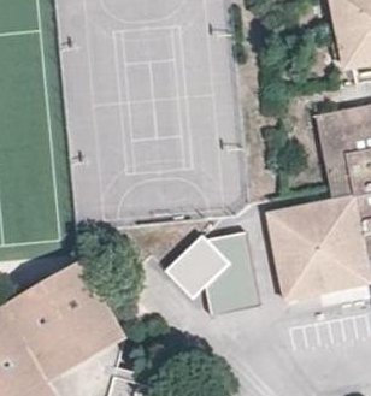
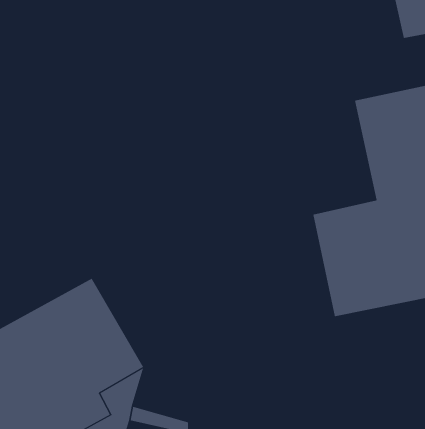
building: [160,235,259,319] -> none

